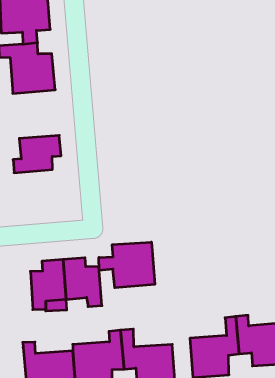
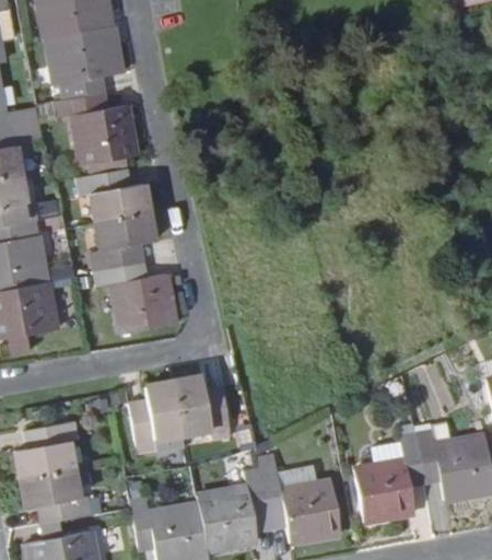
building: none -> [78,168,150,224]
building: none -> [94,261,176,335]
building: [99,242,155,288] -> none

